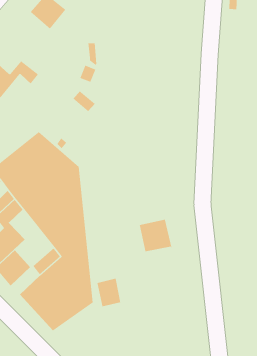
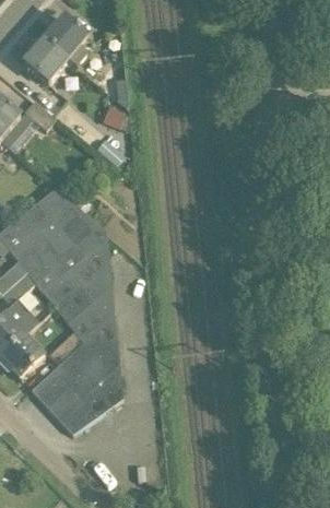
building: none -> [24,39,69,84]
building: [139,219,172,252] -> none
building: [97,278,121,307] -> none

